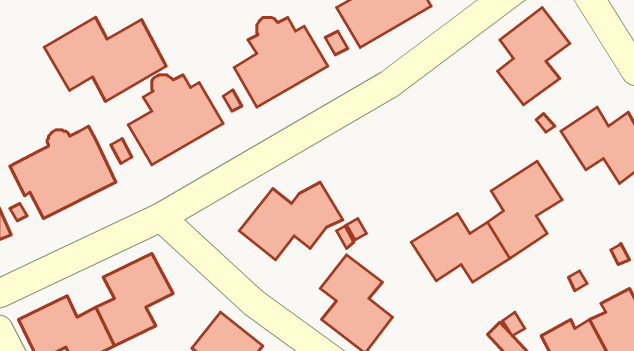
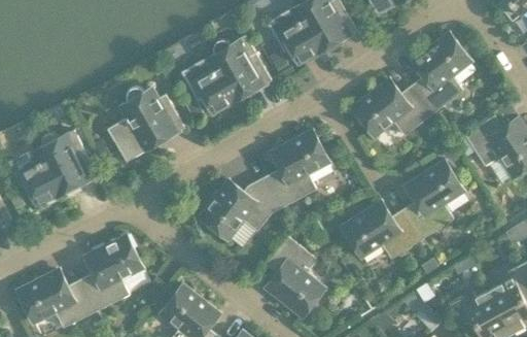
building: [44,17,166,102] -> none
building: none -> [351,79,433,137]
building: none -> [266,129,330,207]

